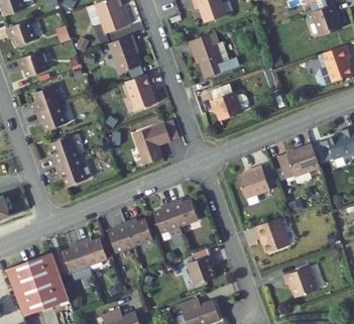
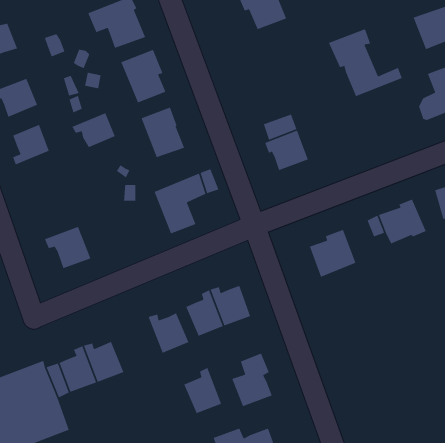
building: [186,33,238,82] -> [328,28,403,97]
building: [33,107,65,132] -> [71,112,116,148]
building: [49,137,78,169] -> none
building: [253,219,287,254] -> none
building: [109,223,136,256] -> [183,367,222,414]
building: [283,265,317,297] -> none

